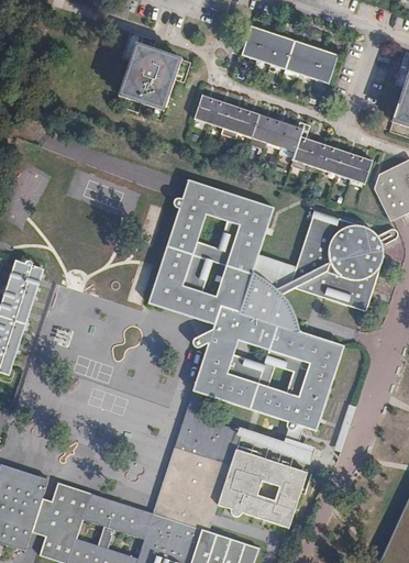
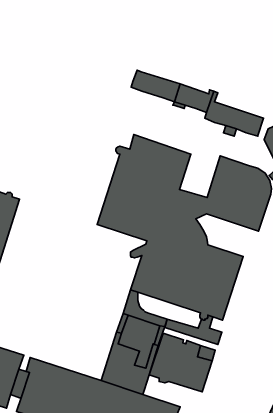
building: [241,25,338,84] -> none
building: [120,45,178,109] -> none

